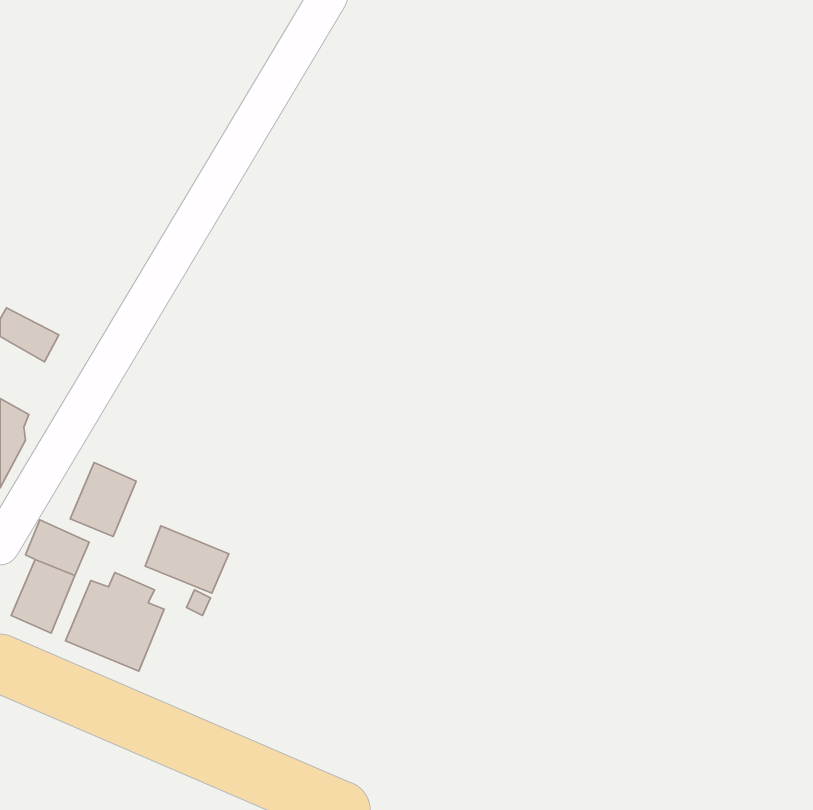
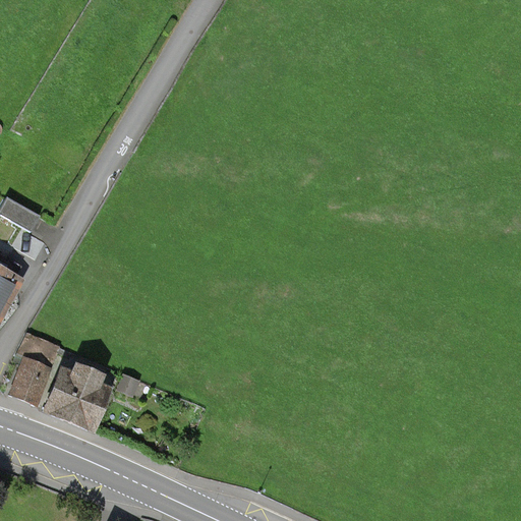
building: [70,463,136,536] -> none
building: [145,526,229,593] -> none

